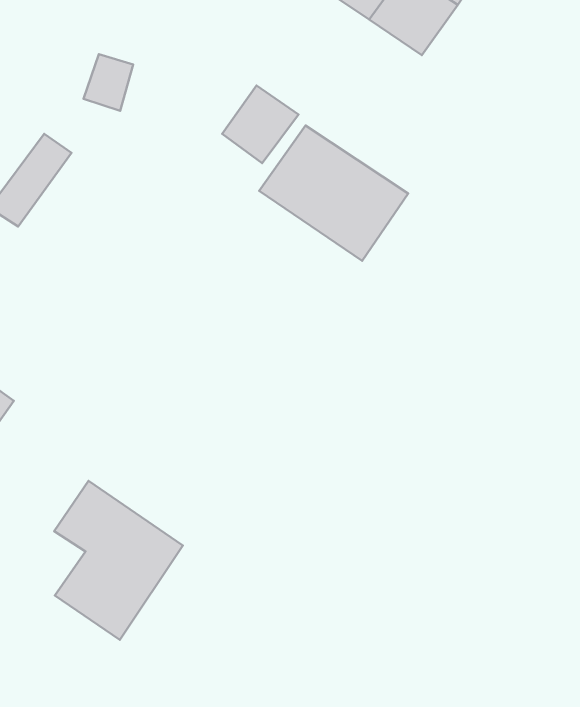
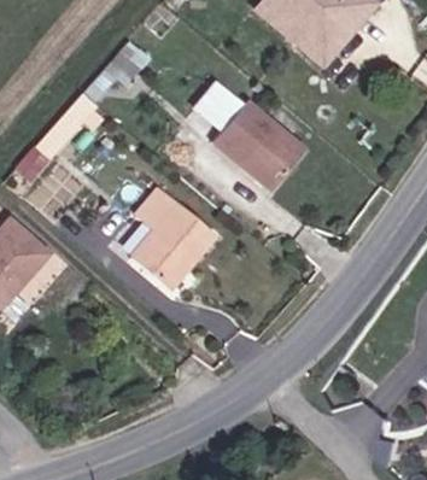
building: [54,481,183,640] -> [129,188,211,288]

